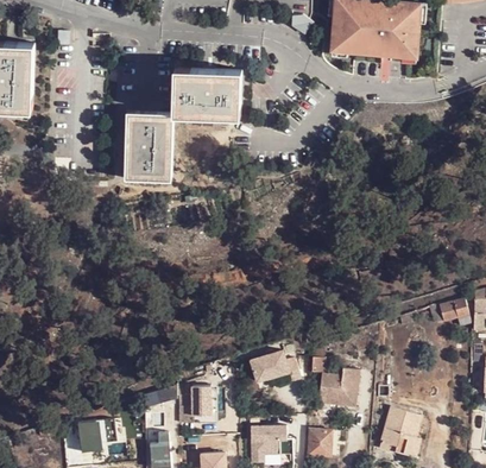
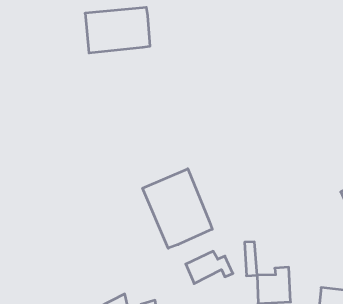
building: [125,114,172,183] -> none
building: none -> [143,169,212,248]

